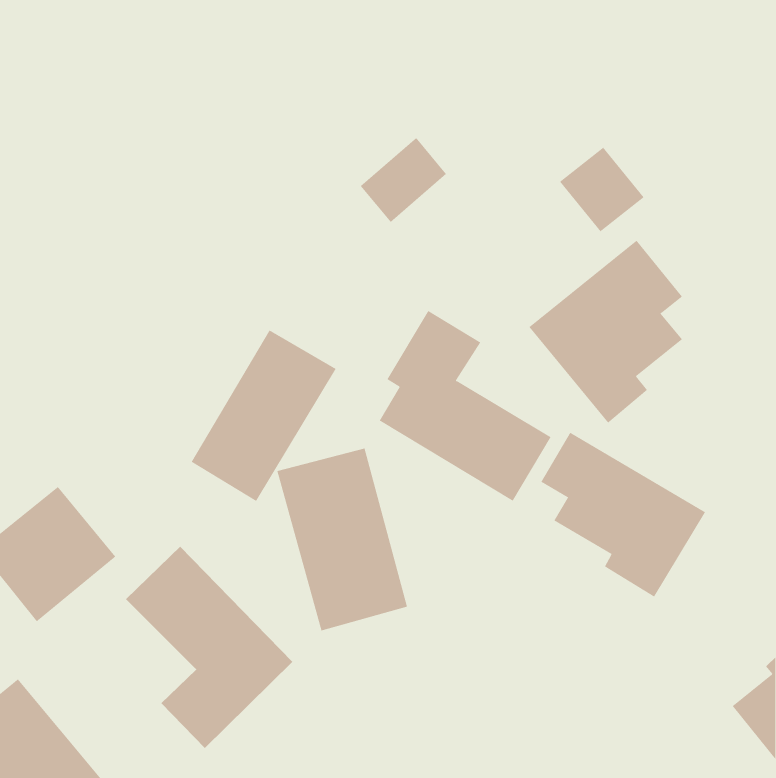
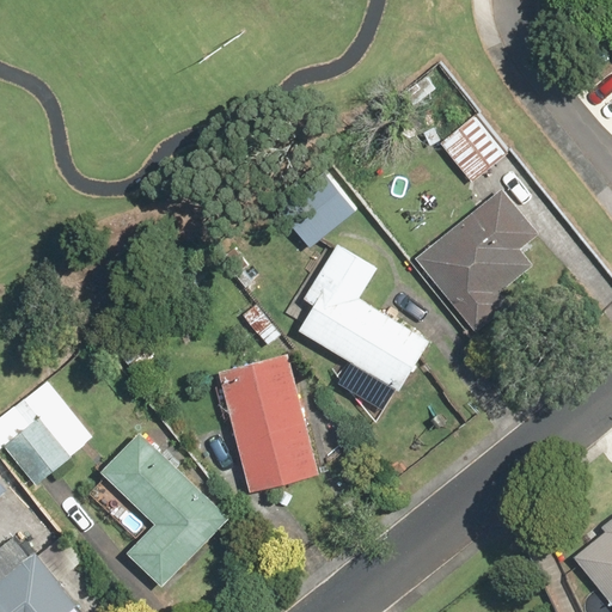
building: [360,137,447,223] -> [287,183,355,250]
building: [191,330,336,502] -> none
building: [541,432,706,598] -> none

